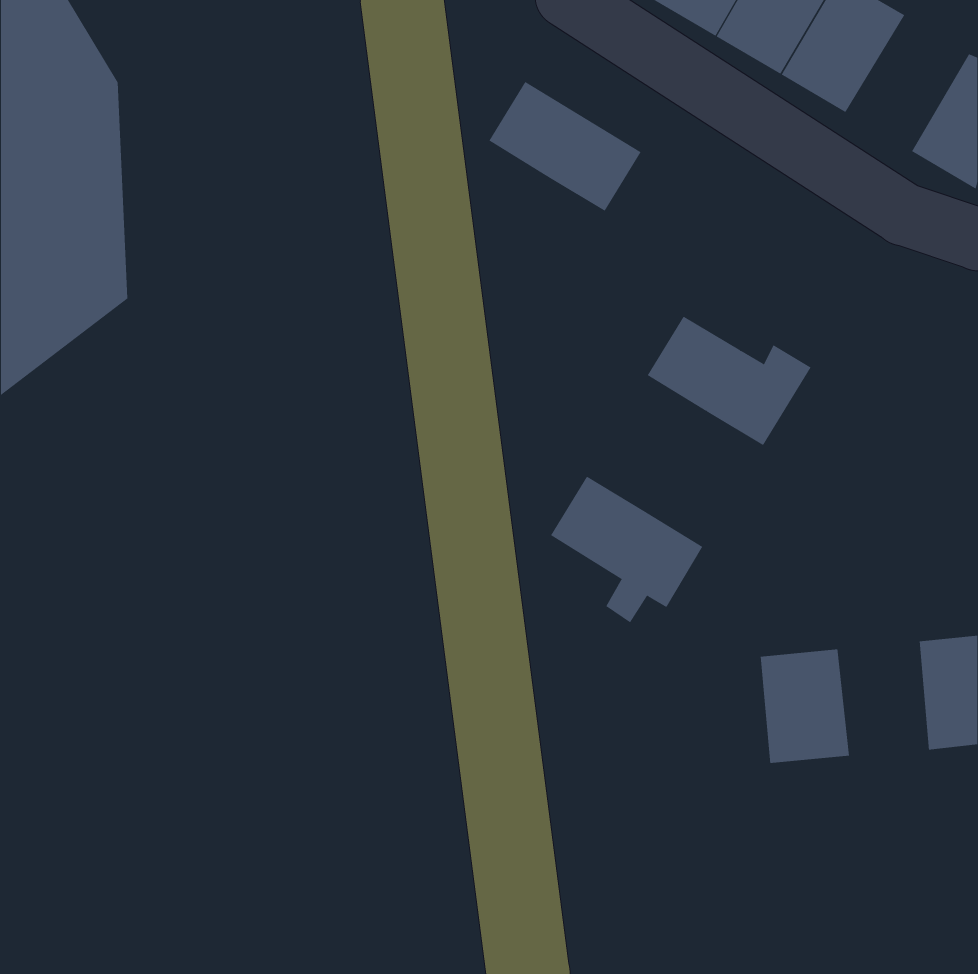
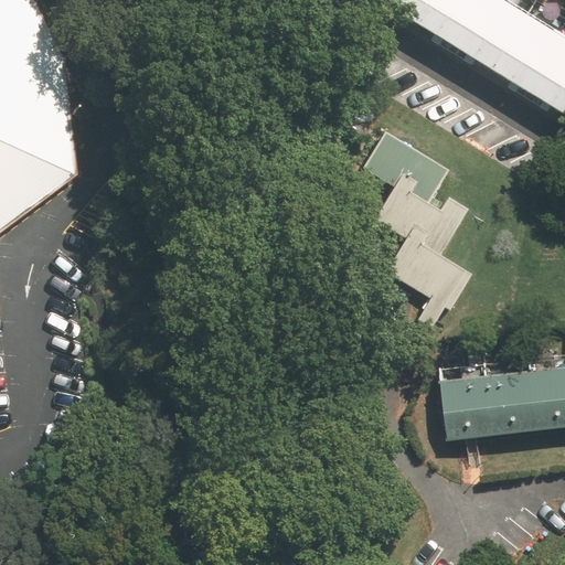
building: none -> [488,9,558,87]
building: [488,81,642,211] -> [360,127,448,202]
building: [550,476,703,623] -> [386,237,475,322]
building: none -> [483,370,535,436]

